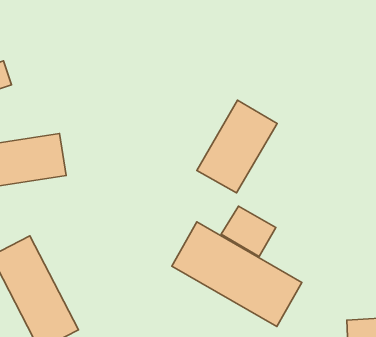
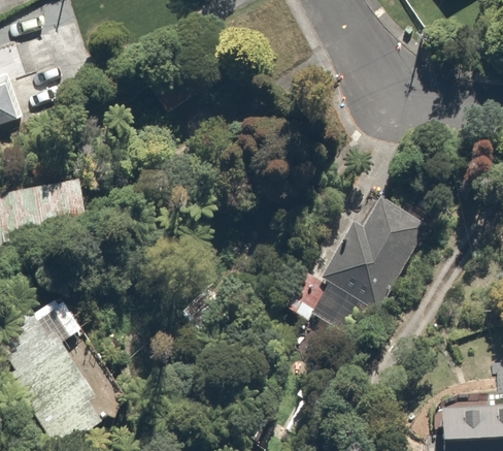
building: [197,100,277,193] -> [328,187,428,302]
building: [172,222,302,327] -> none

